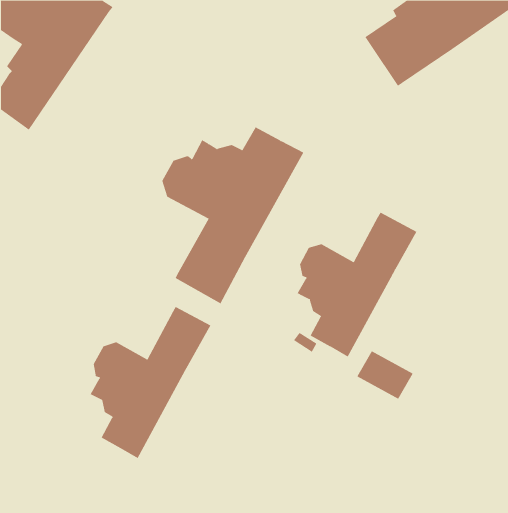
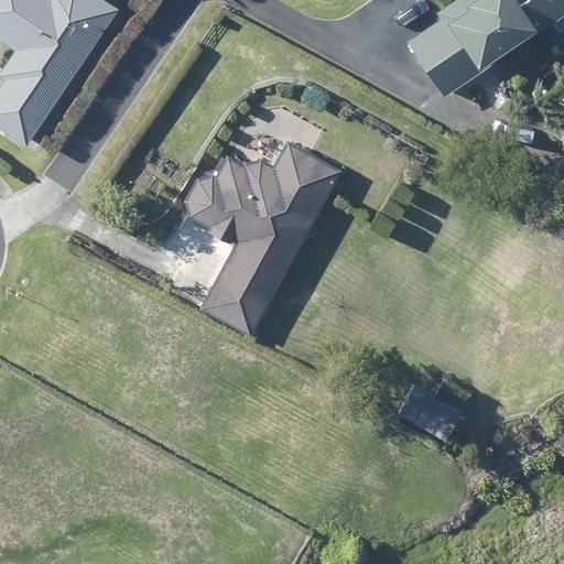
building: [297,212,417,358] -> none
building: [90,306,211,459] -> none

